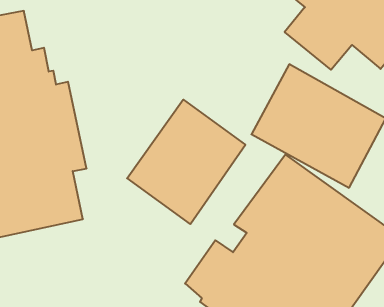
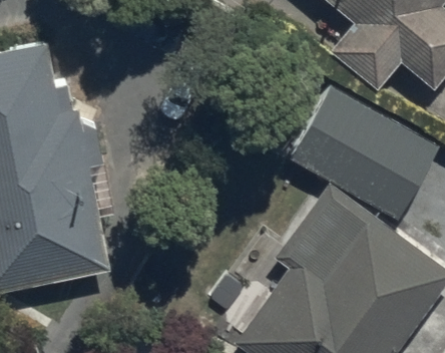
building: [127,100,245,224] -> none

